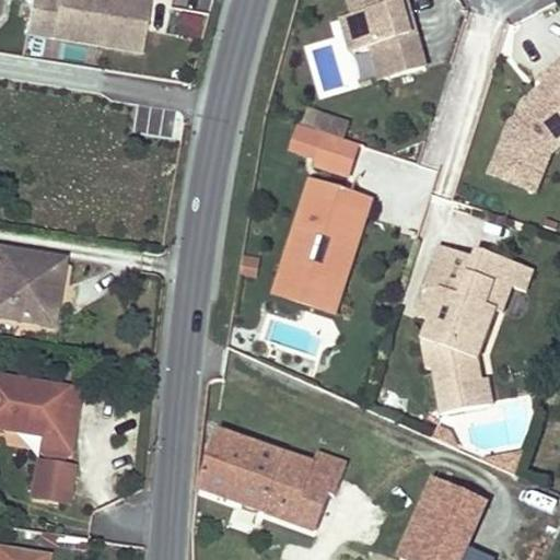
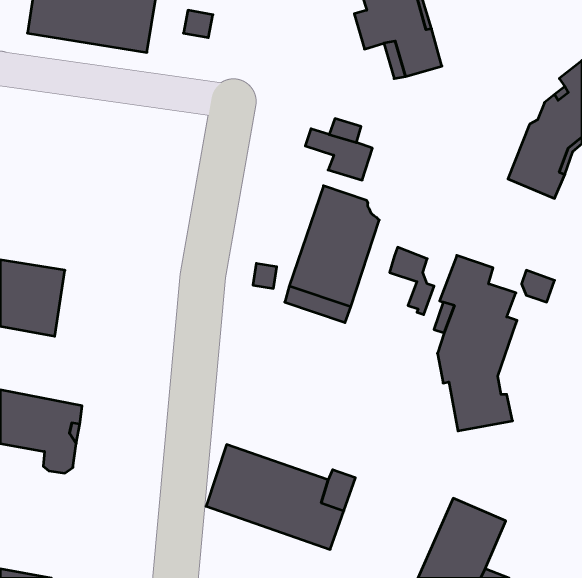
building: [469,248,512,313] -> [390,247,434,315]
building: [31,457,75,501] -> none

